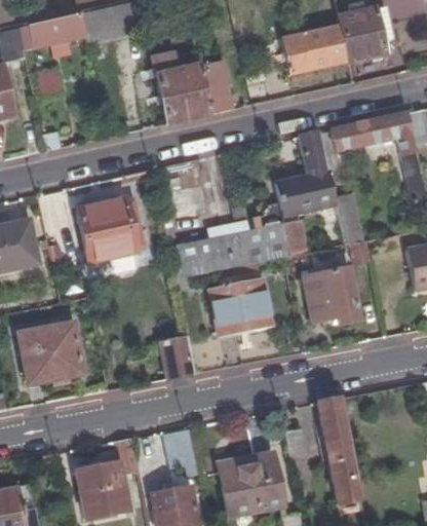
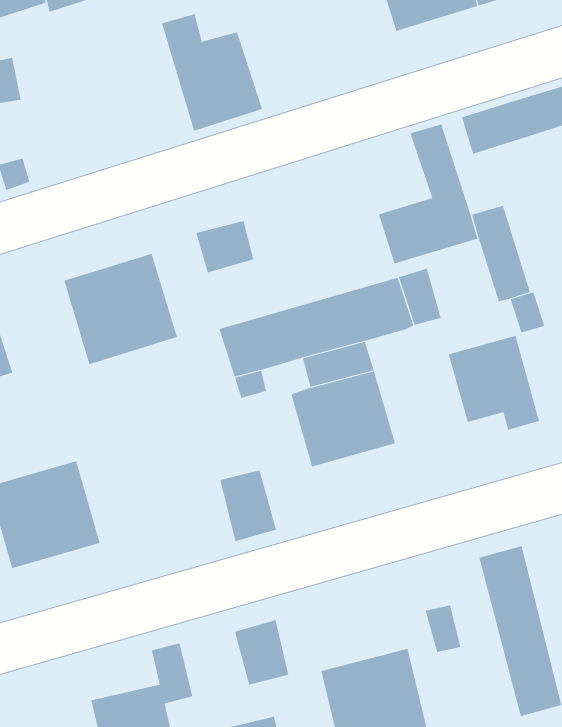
building: [197,60,232,113] -> none

